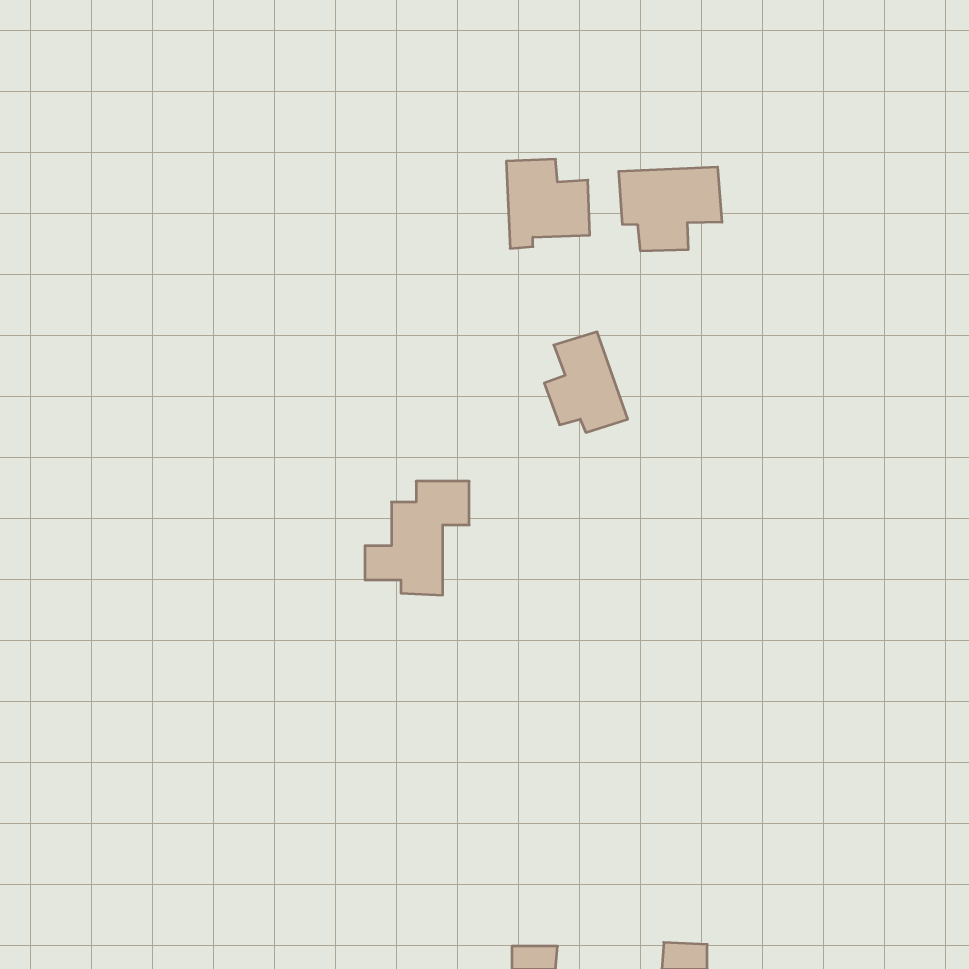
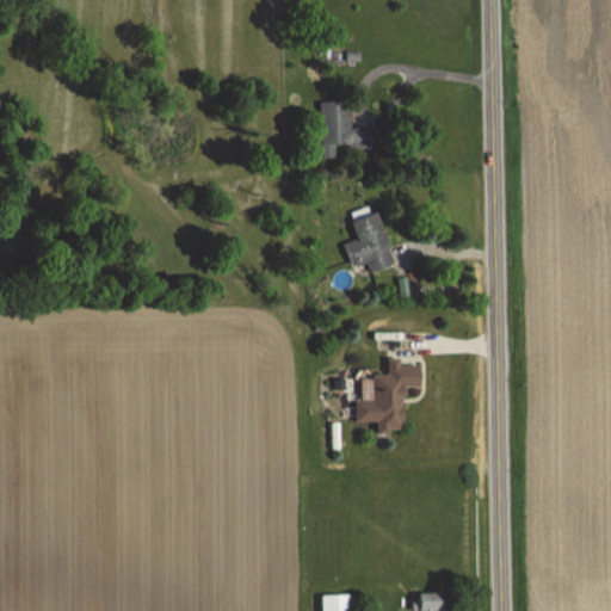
building: [619,167,722,251] -> none
building: [365,481,469,595] -> [356,360,421,432]

